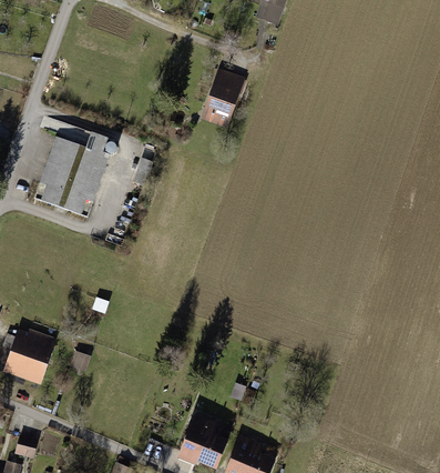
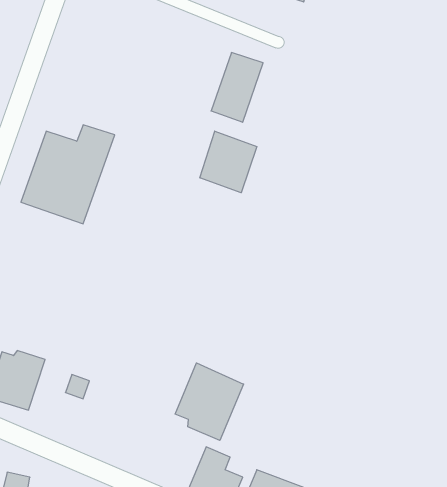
building: none -> [200,131,257,193]
building: none -> [175,363,244,440]

